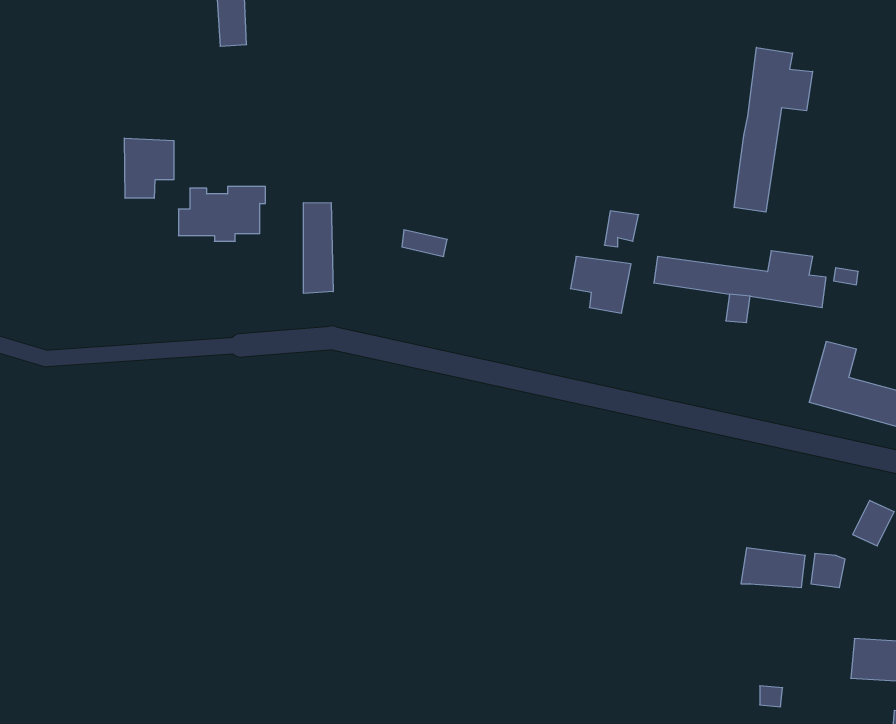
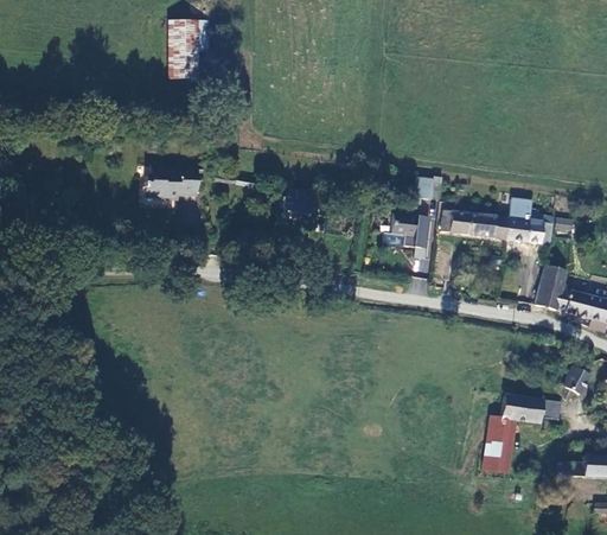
building: [734,47,813,212] -> none
building: [124,138,174,198] -> none
building: [303,203,333,293] -> none
building: none -> [483,418,505,470]

